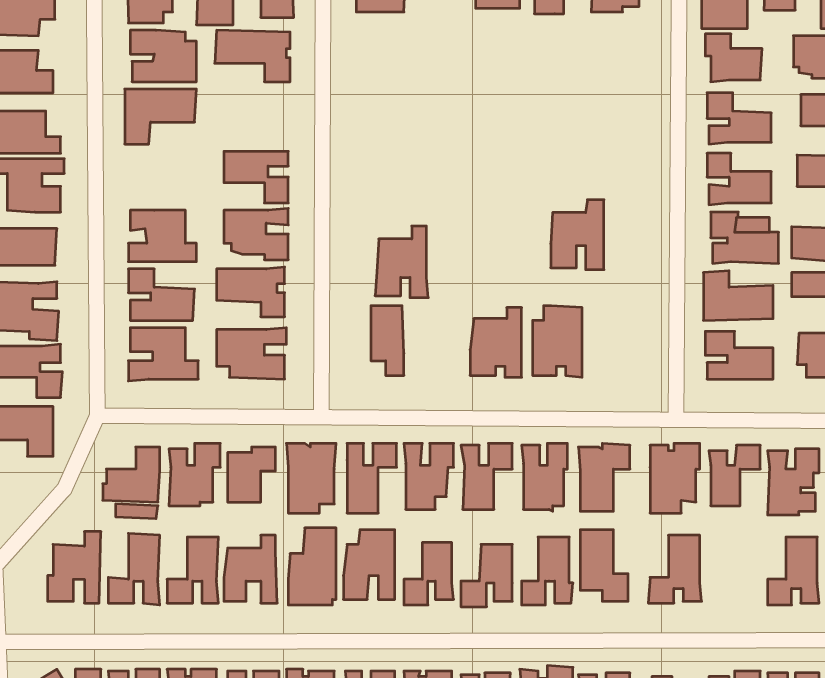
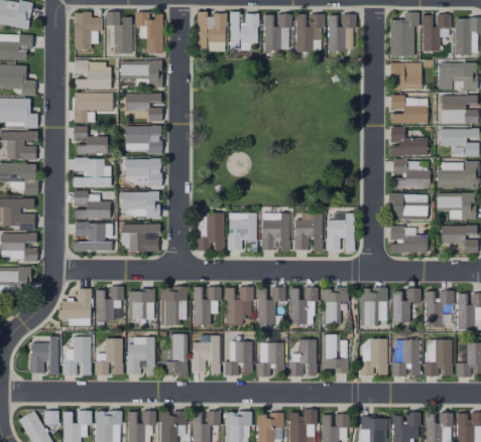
building: none -> [125,94,161,123]
building: none -> [74,126,108,154]
building: [551,200,604,270] -> [326,212,355,251]
building: [375,226,428,298] -> [228,211,257,251]
building: none -> [392,338,420,375]

